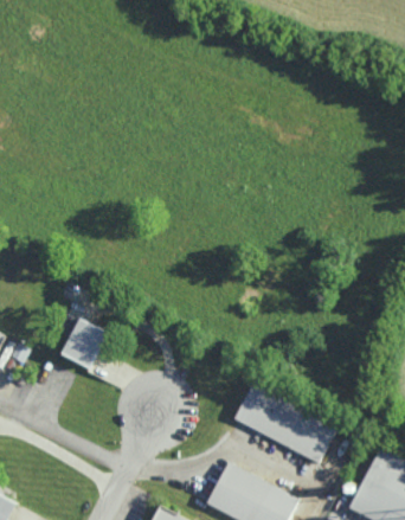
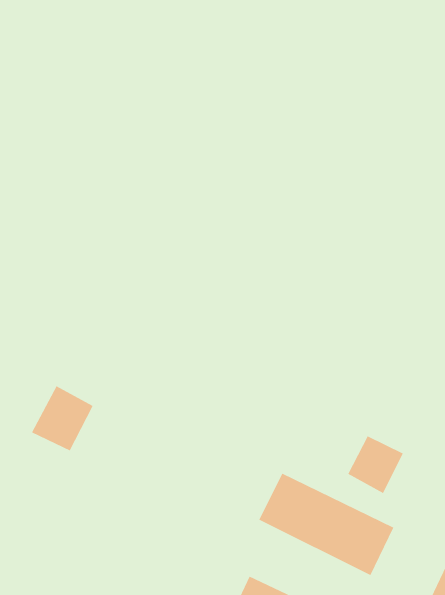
building: none -> [347,435,403,494]

